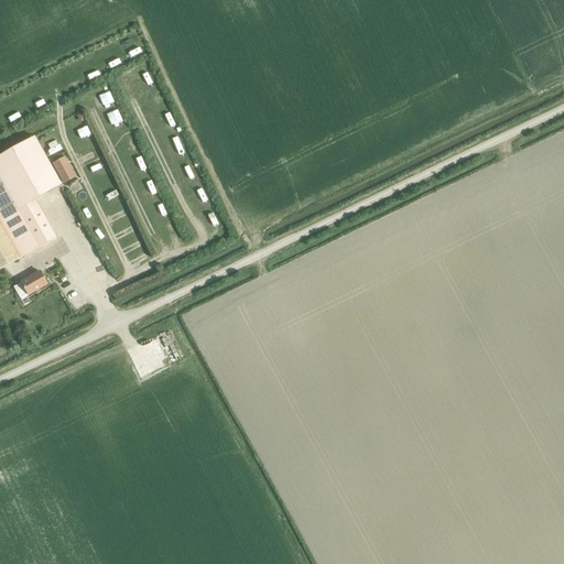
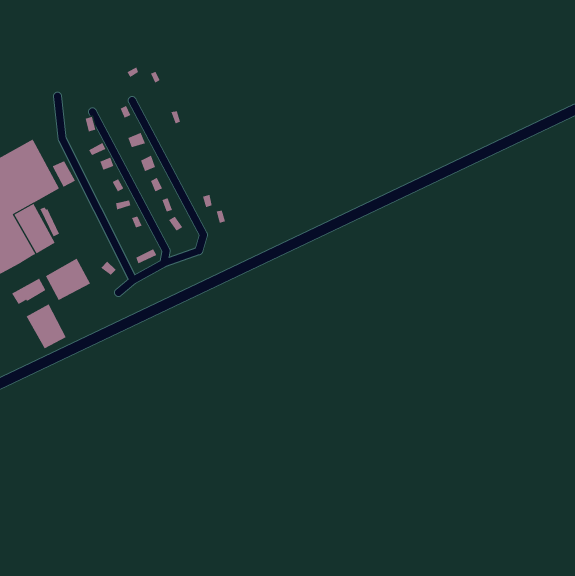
building: none -> [45,258,91,301]
building: none -> [26,304,67,349]

